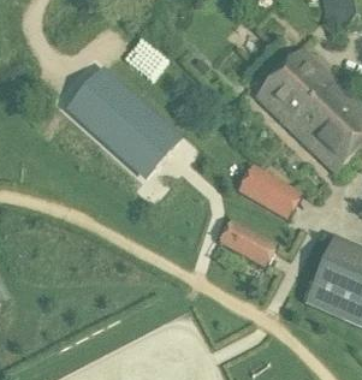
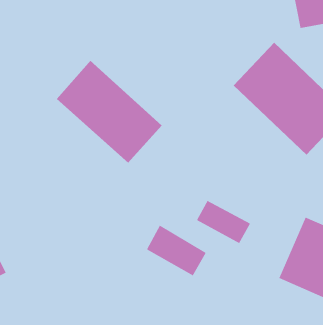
building: [235,162,299,218] -> [146,225,206,276]

